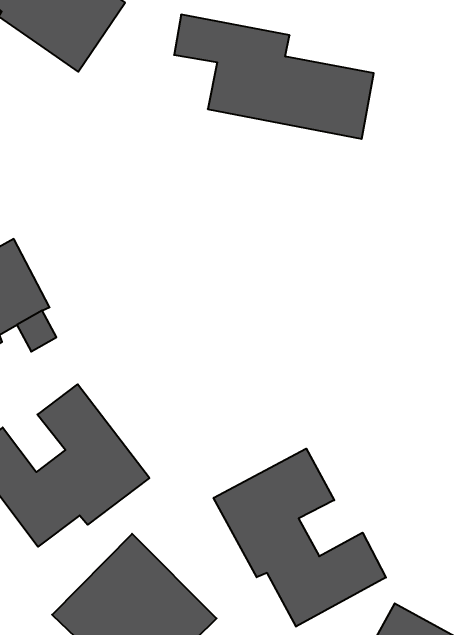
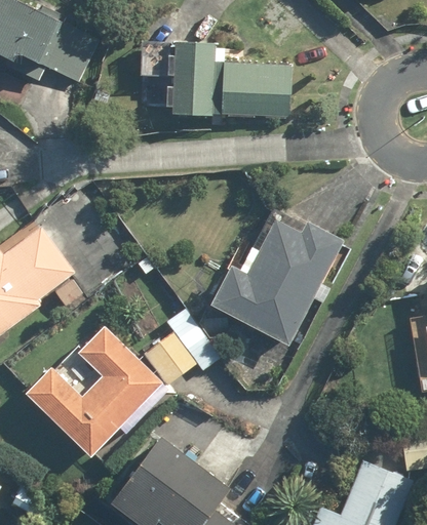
building: none -> [211,220,342,345]
building: none -> [142,309,222,387]
building: [214,449,386,627] -> none

